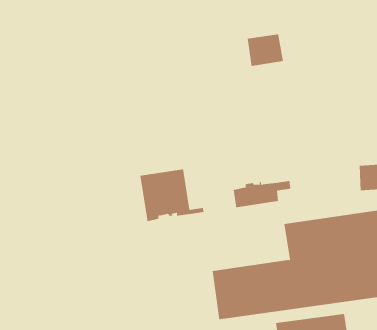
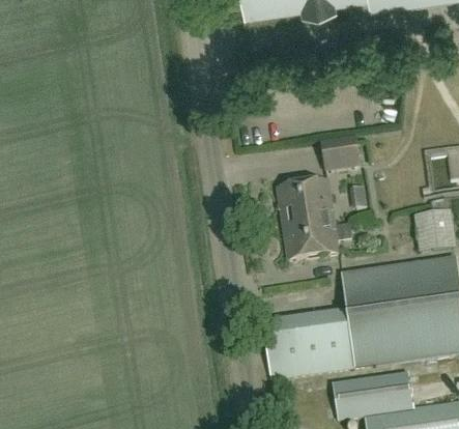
building: [247,34,284,67] -> [320,139,361,175]
building: [139,169,204,222] -> [278,183,349,241]

